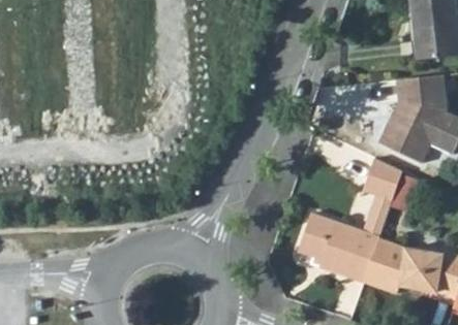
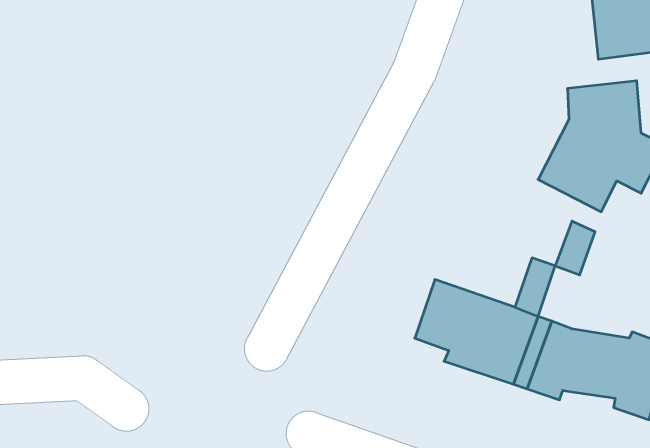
building: [361,158,402,202] -> none

